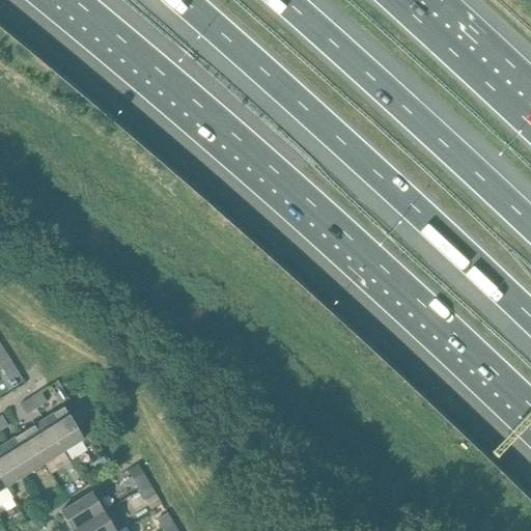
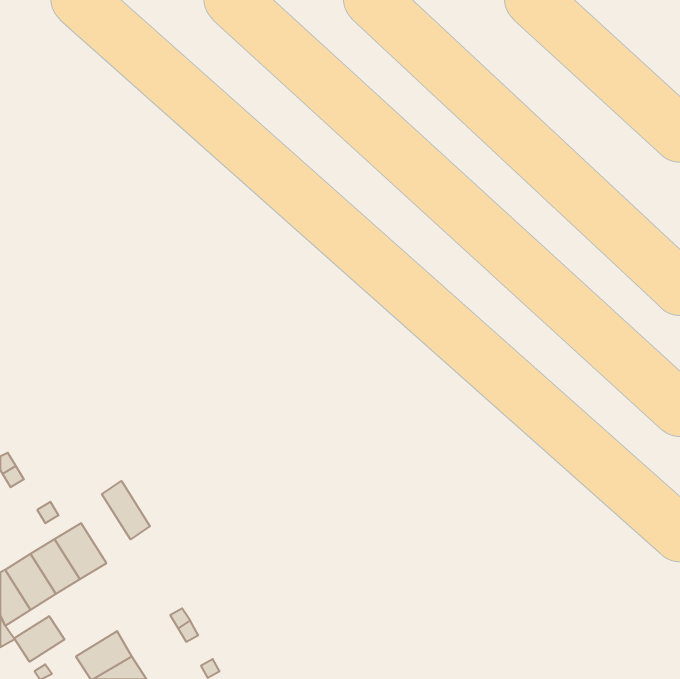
building: none -> [102,481,150,539]
building: none -> [14,616,64,662]

